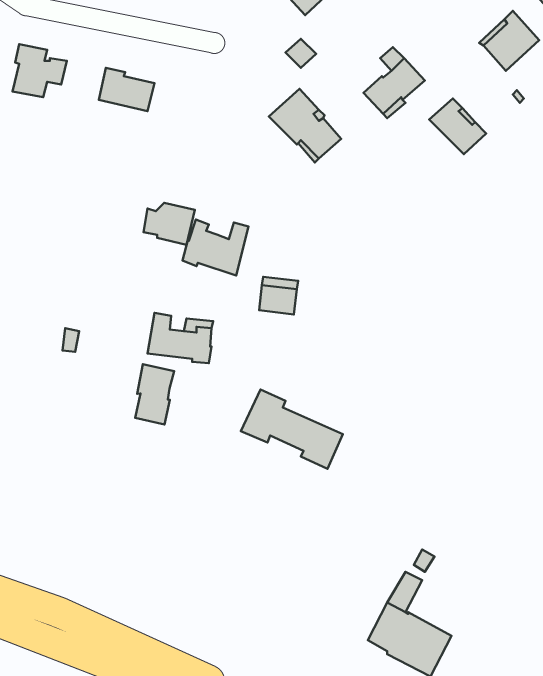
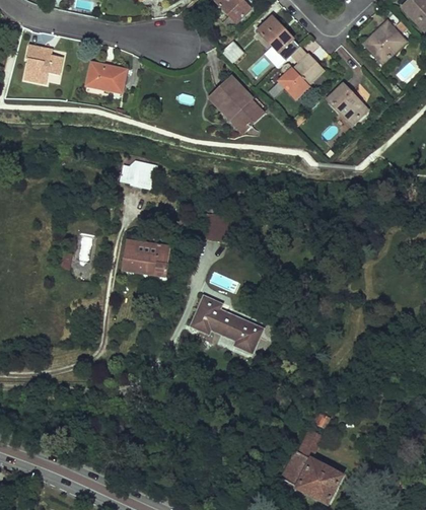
building: none -> [257,18,293,53]
building: [183,220,249,275] -> none
building: [135,364,174,424] -> none

